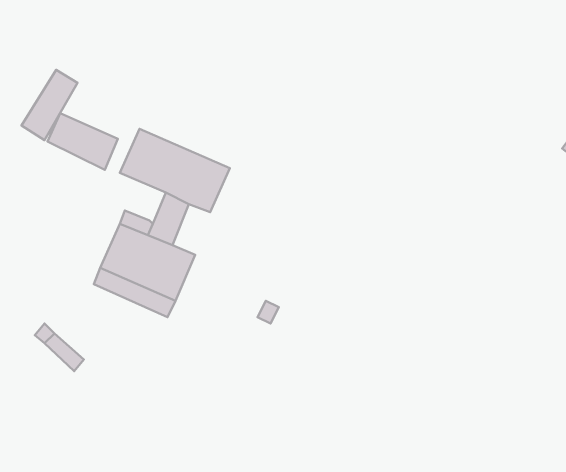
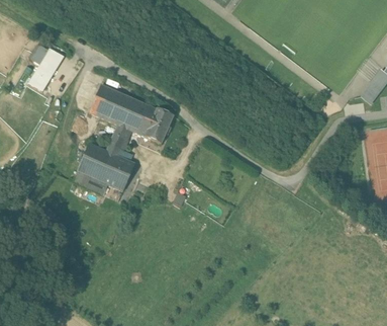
building: [47,113,118,170] -> none
building: none -> [144,107,173,142]

